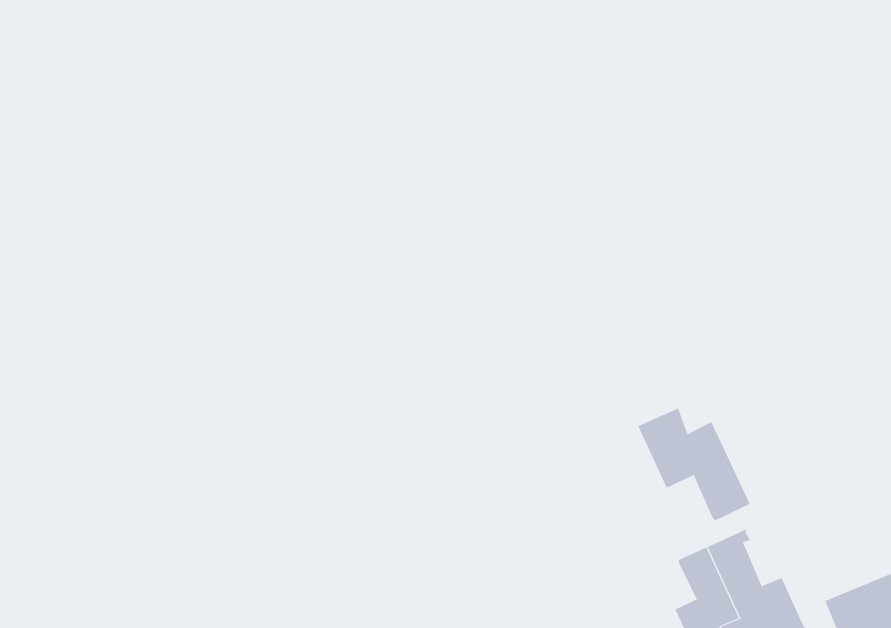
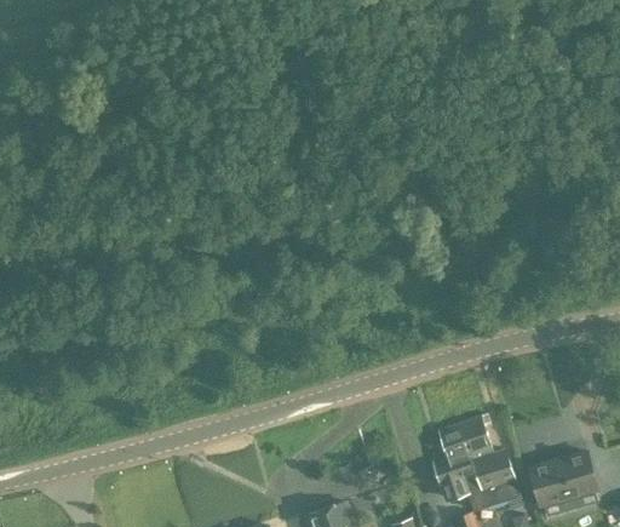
building: [638,407,751,521] -> none

